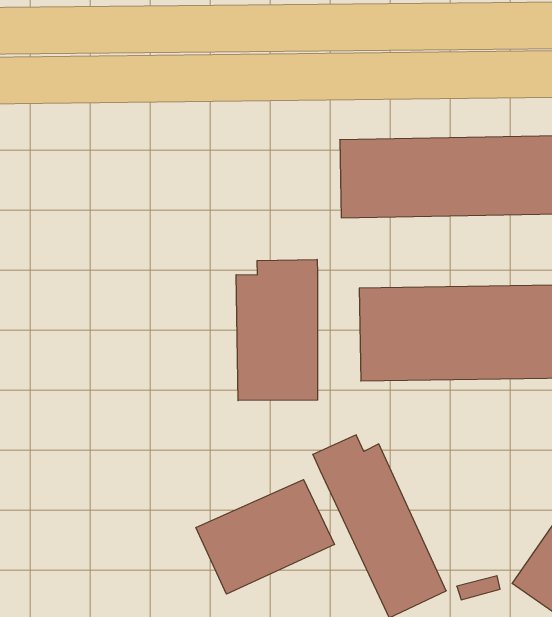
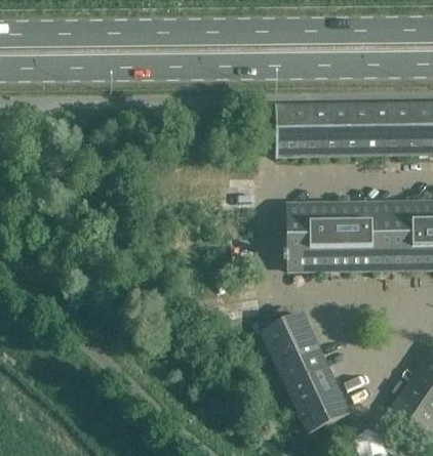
building: [236,259,318,401] -> none
building: [196,480,334,594] -> none

